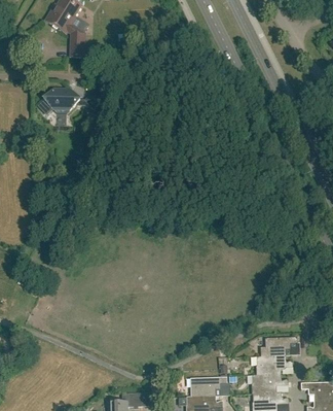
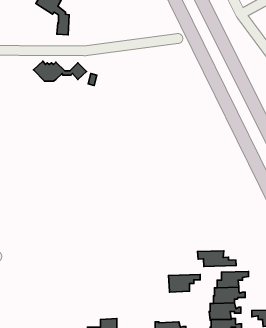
building: none -> [198,251,236,267]
building: [190,377,227,398] -> [169,275,200,292]

